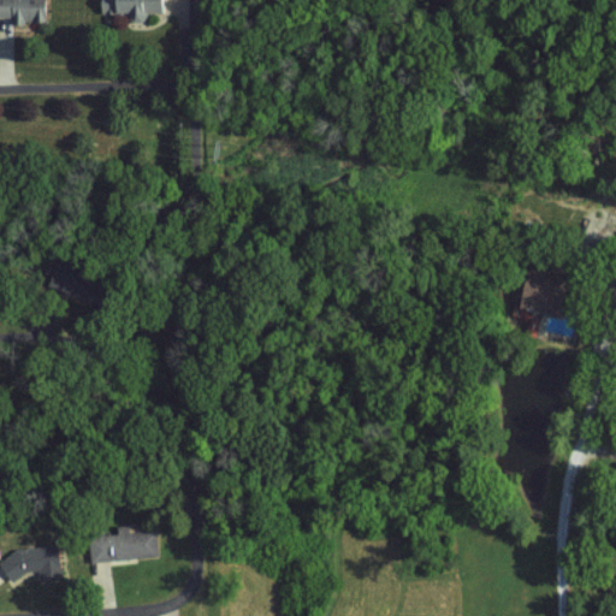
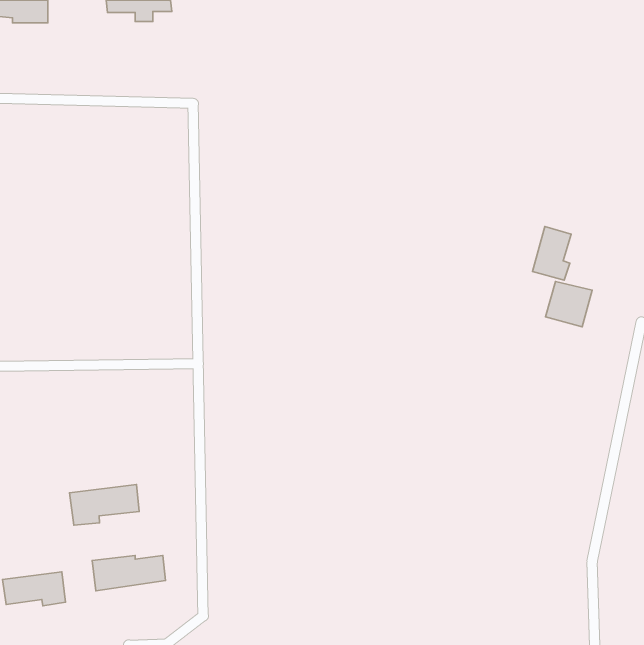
building: none -> [532,227,571,280]
building: none -> [70,484,139,525]

